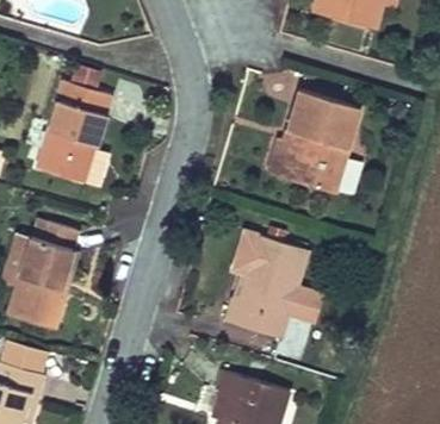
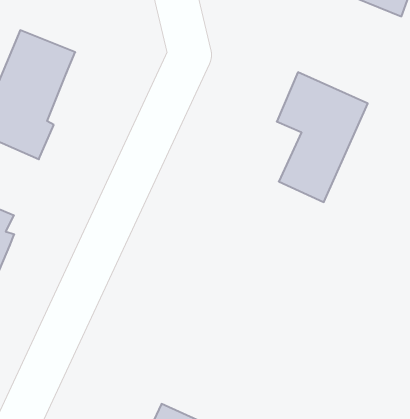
building: [223,235,314,338] -> none

